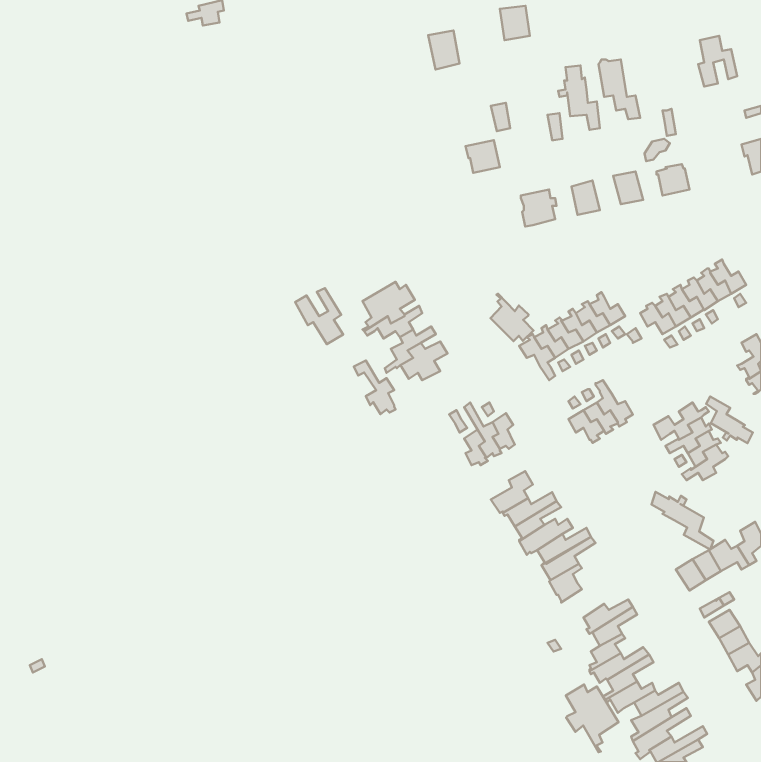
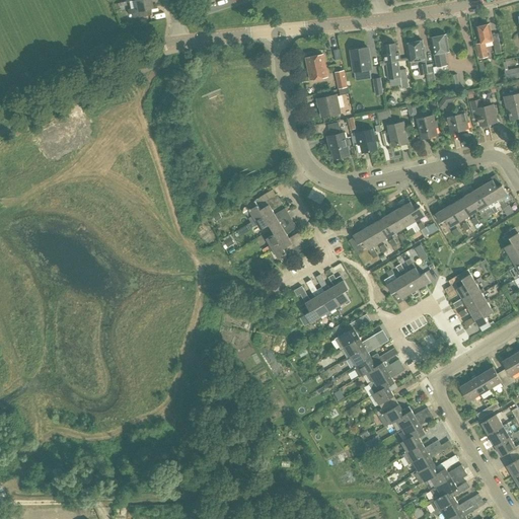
building: [500,6,530,40] -> [350,49,370,72]
building: [428,31,459,69] -> [305,55,326,81]
building: none -> [430,34,448,68]
building: none -> [469,99,496,126]
building: none -> [327,134,349,159]
building: [295,288,343,344] -> none
building: [490,294,533,341] -> none
building: [354,360,396,414] -> [293,286,321,322]
building: [706,397,753,443] -> none
building: [651,492,714,549] -> none
building: none -> [375,400,411,427]
building: [566,685,619,752] -> none

